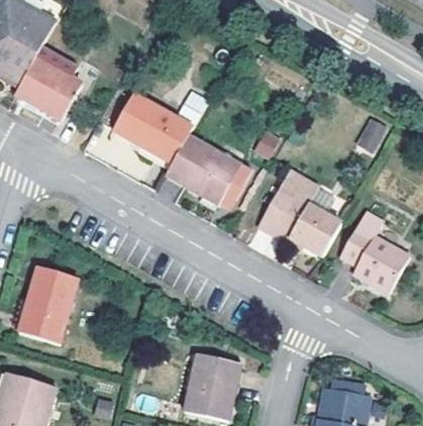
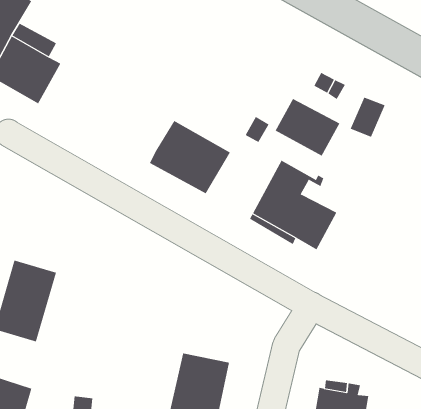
building: [112,92,194,163] -> none
building: none -> [275,98,340,156]
building: [340,213,411,293] -> none

